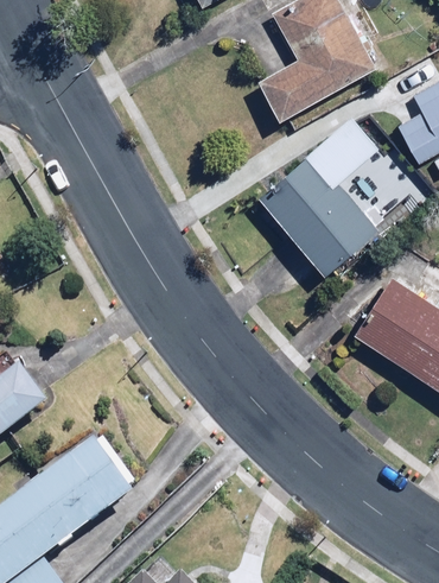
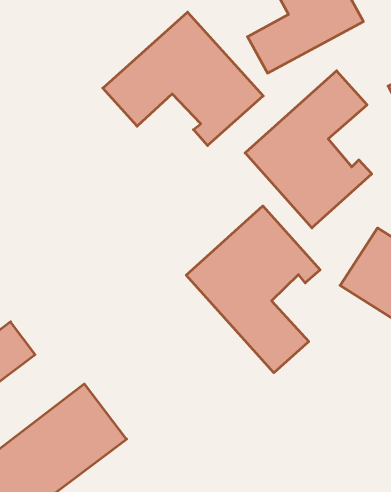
building: none -> [103,12,263,146]
building: none -> [186,206,320,373]

